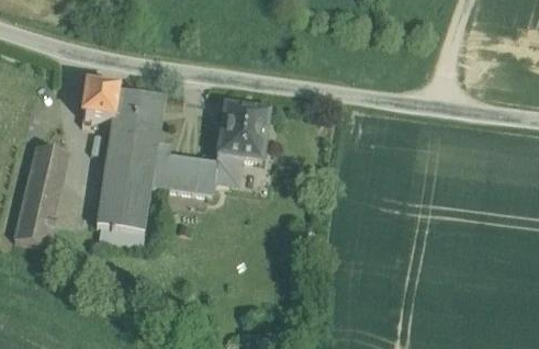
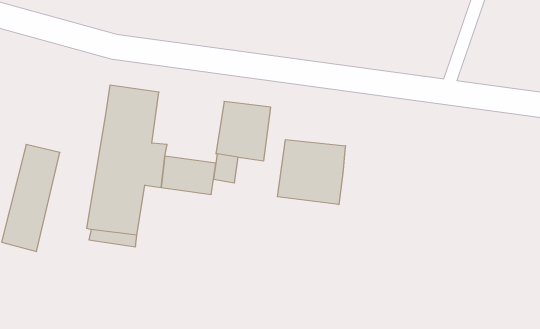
building: [82,82,117,121] -> none
building: none -> [278,140,346,205]

